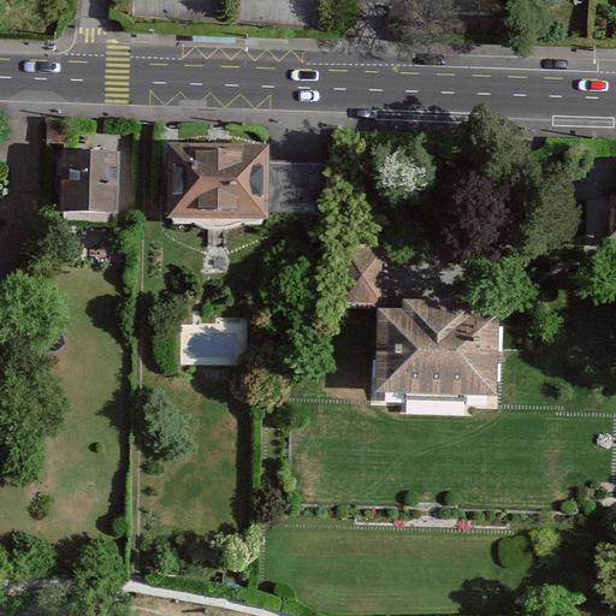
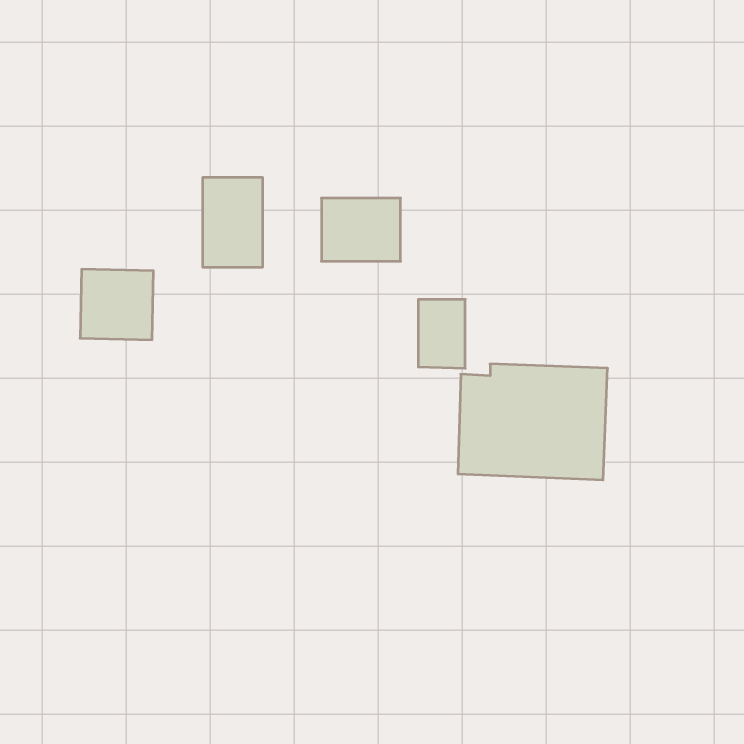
building: [215,146,263,219] -> none
building: [58,156,118,214] -> [80,269,153,340]

